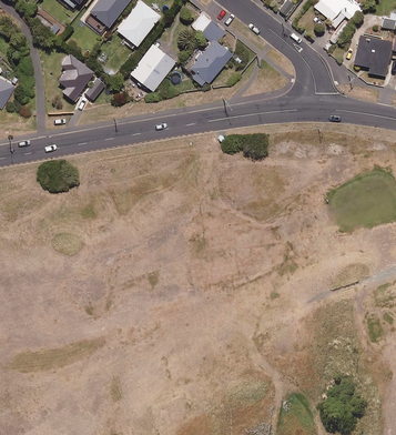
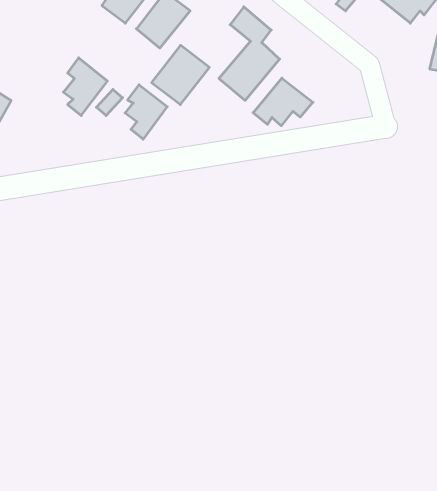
building: none -> [253,78,313,126]
building: none -> [125,85,167,139]

